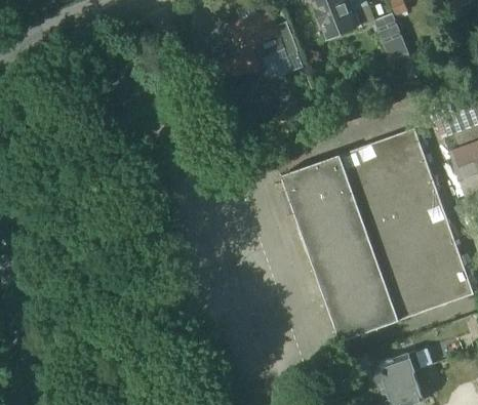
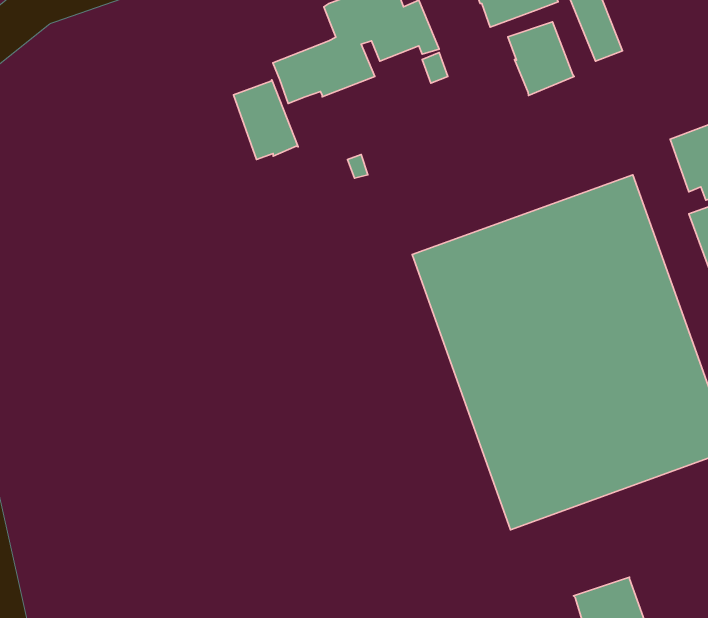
building: none -> [508,22,574,95]
building: none -> [234,80,298,159]
building: [371,352,421,386] -> none

